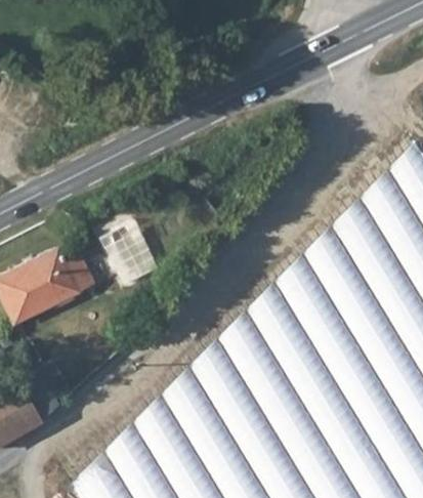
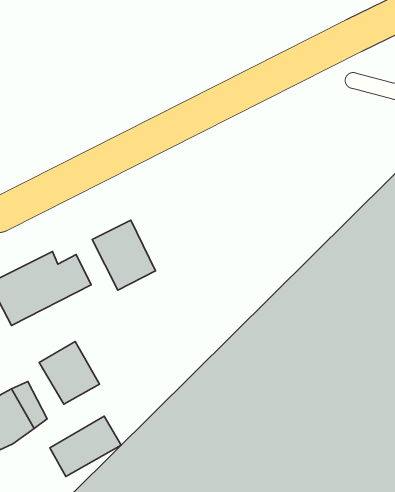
building: none -> [39,342,99,404]
building: none -> [50,416,121,477]

